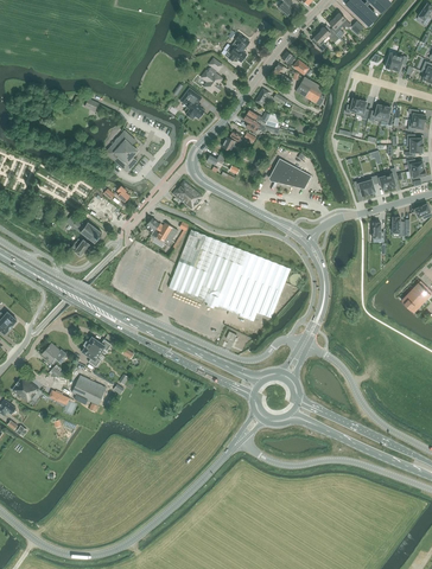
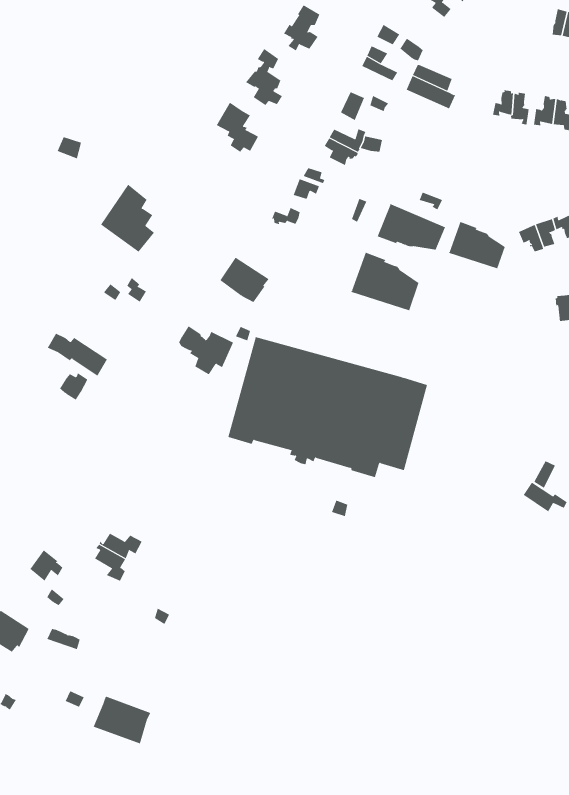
building: none -> [448,221,505,269]
building: none -> [350,252,419,311]
building: [71,375,107,405] -> [93,696,151,744]

